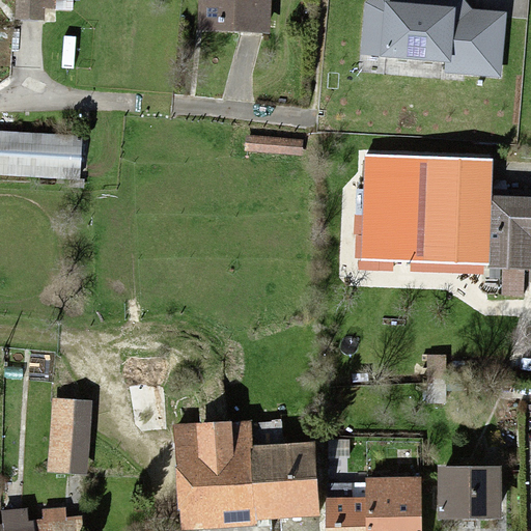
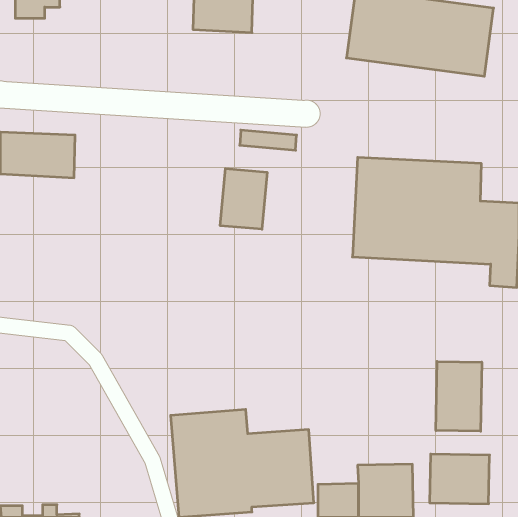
building: none -> [220,169,267,229]
building: none -> [436,361,482,431]
building: [47,403,86,473] -> none

